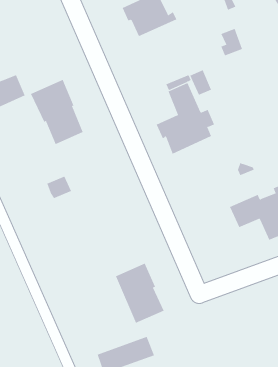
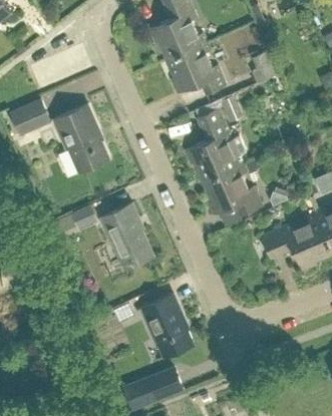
building: none -> [167,42,226,95]
building: none -> [202,163,262,217]
building: none -> [101,203,153,270]

